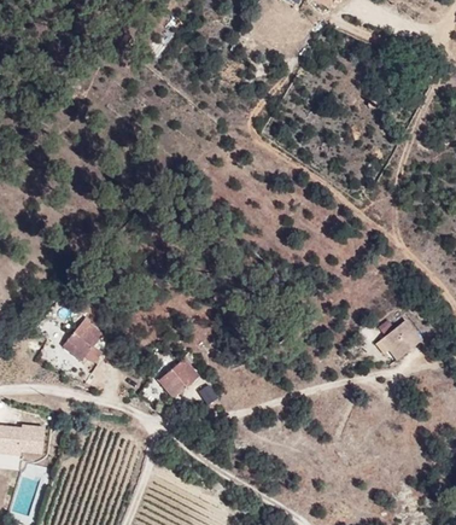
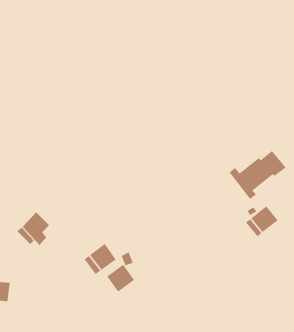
building: none -> [229,150,287,200]
building: none -> [107,264,135,292]

